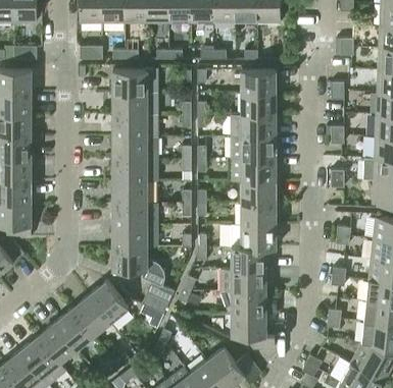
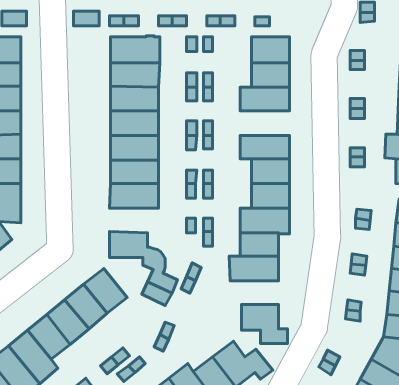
building: [231,136,276,159] -> none
building: [111,225,156,247] -> none
building: [222,291,276,313] -> none

